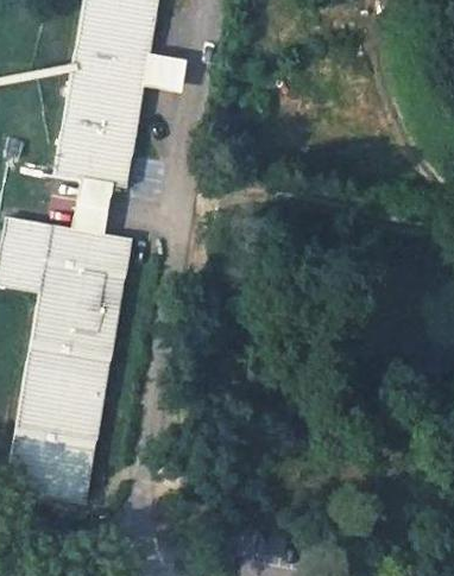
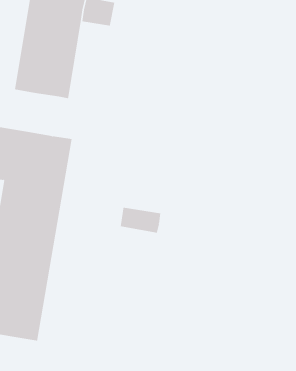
building: [72,178,113,234] -> none
building: none -> [120,207,161,234]

